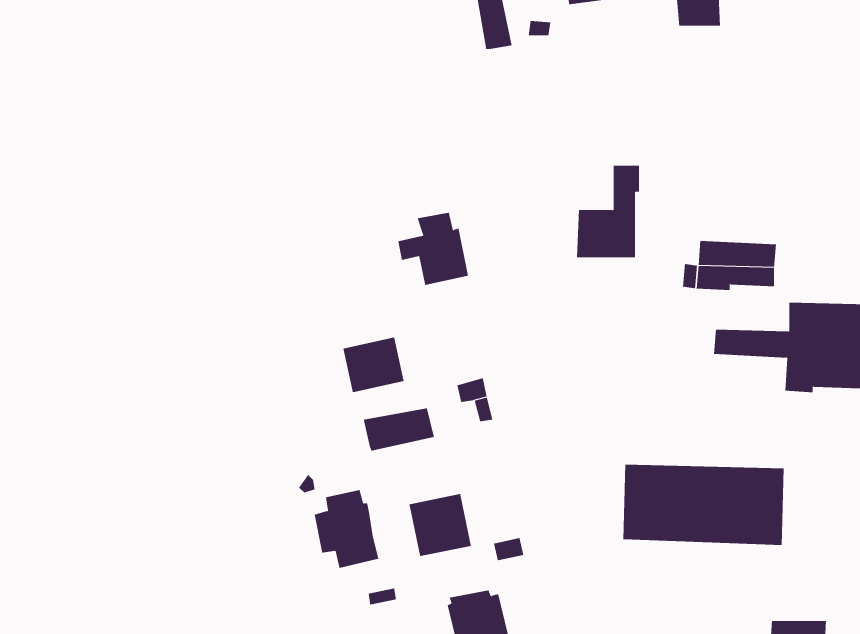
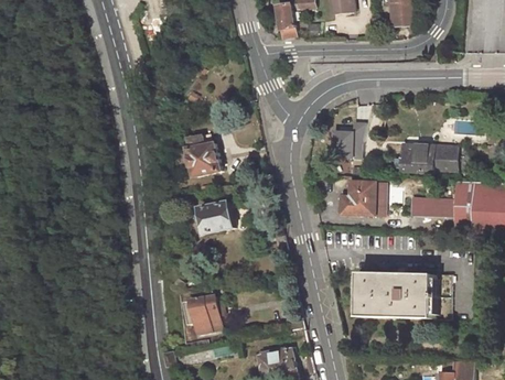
building: [397,212,469,286] -> [178,134,218,176]
building: none -> [341,182,385,216]
building: [363,407,434,452] -> none
building: [409,493,471,557] -> none

